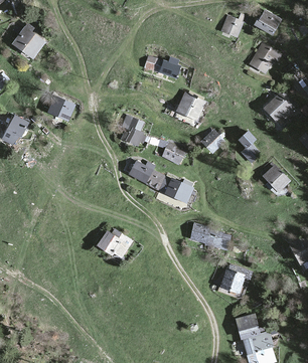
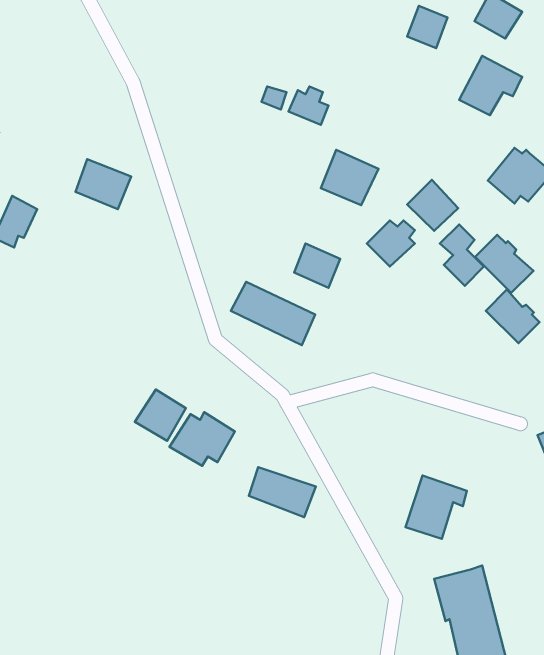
building: [12,26,46,59] -> none
building: none -> [407,180,458,231]
building: [119,114,145,148] -> none
building: none -> [475,235,533,293]
building: [165,178,193,203] -> none
building: none -> [135,390,186,441]
building: [189,222,224,248] -> [249,467,316,517]

